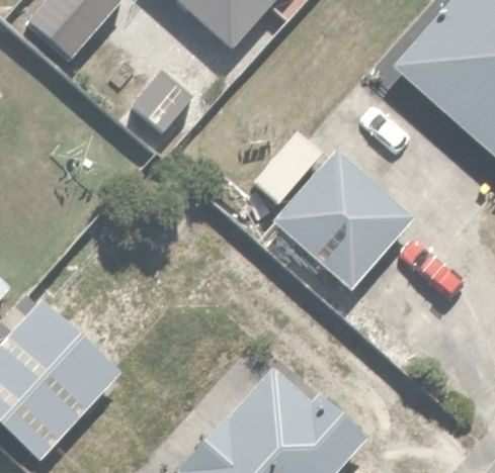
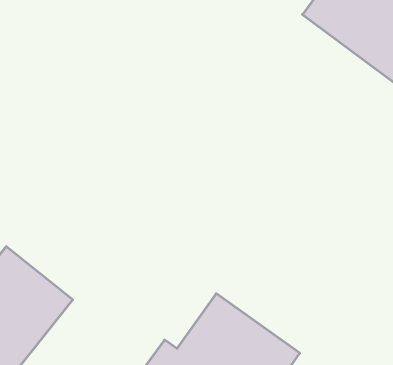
building: [272,147,410,285] -> none

